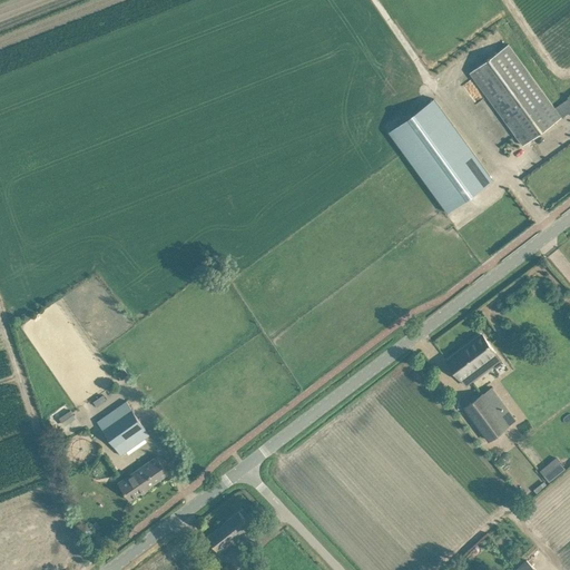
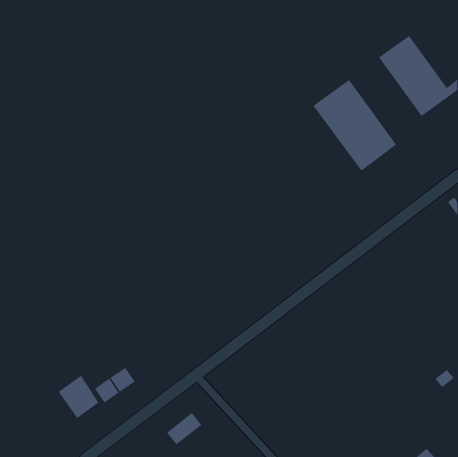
building: [446,336,499,386] -> none
building: [463,389,514,441] -> none
building: [97,402,148,456] -> [58,375,99,419]

